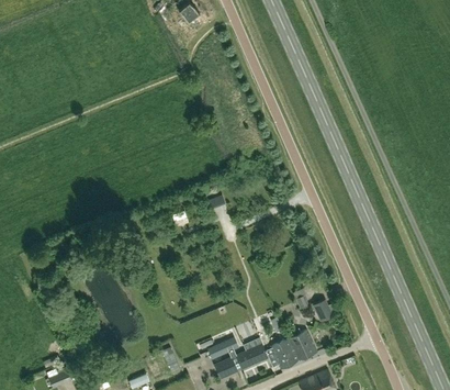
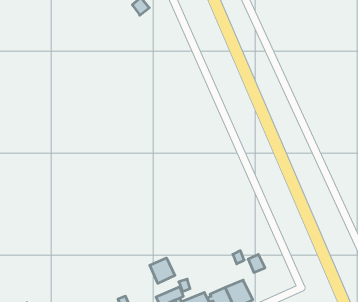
building: none -> [150,258,175,283]

